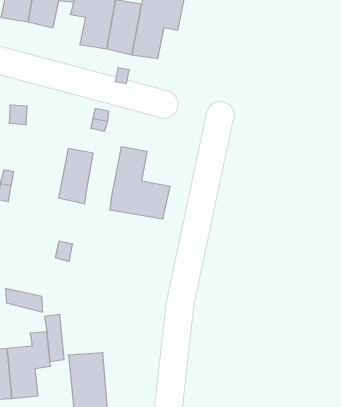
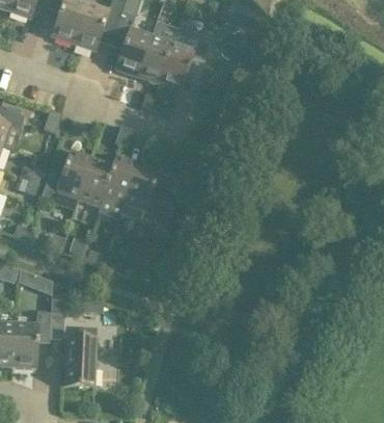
building: none -> [102,154,137,203]
building: none -> [39,149,91,201]

